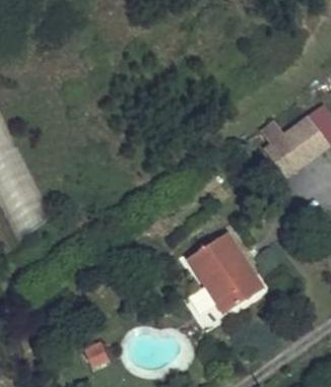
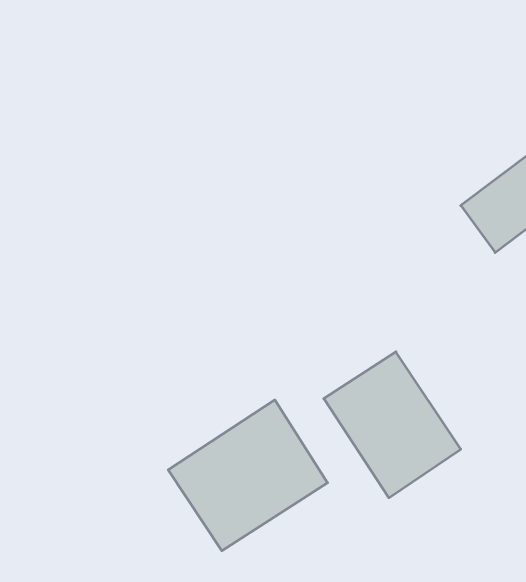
building: none -> [168,400,328,551]

